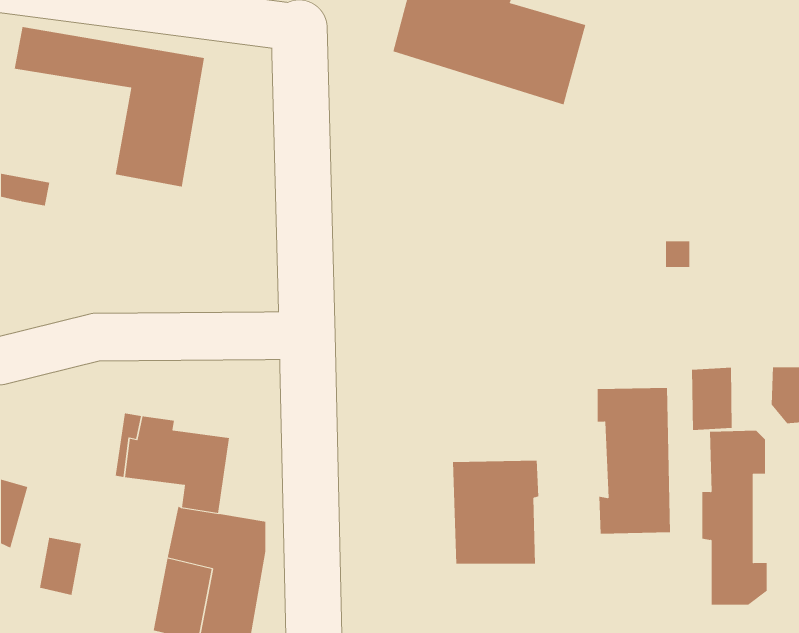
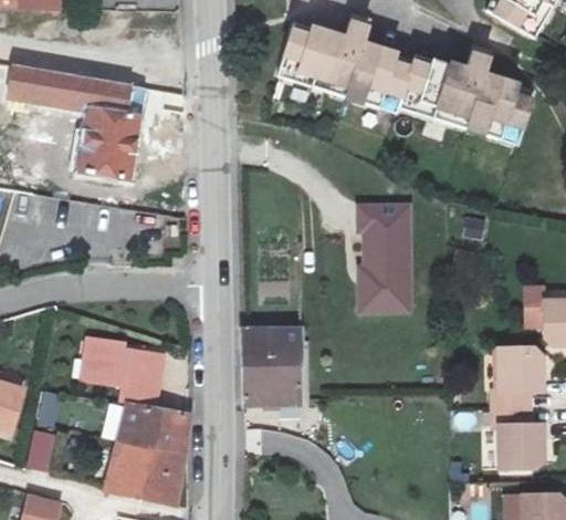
building: none -> [399,52,534,144]
building: [692,367,732,431] -> none
building: [597,387,671,534] -> [358,204,410,306]
building: [452,460,539,564] -> [241,327,302,401]

